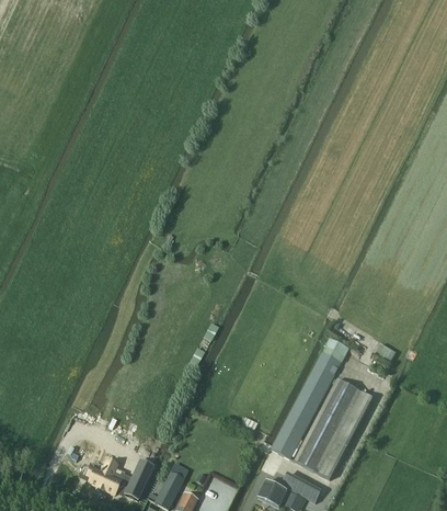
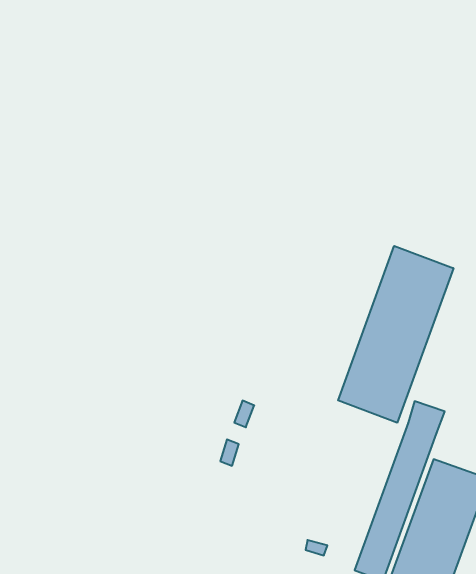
building: none -> [338,246,453,423]

